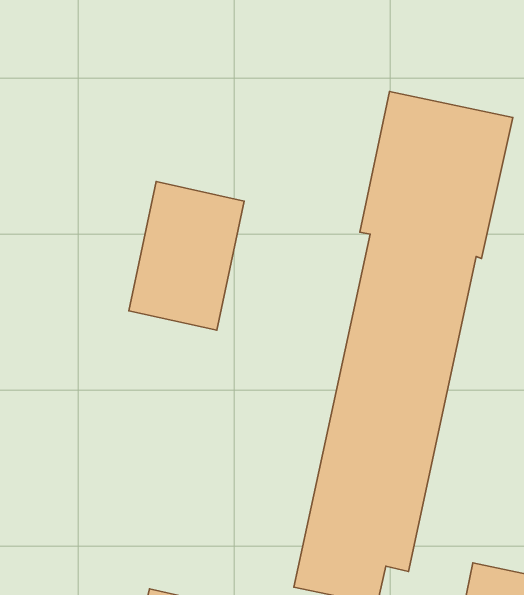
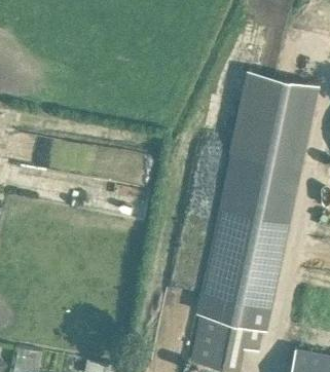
building: [129,182,244,330] -> none

